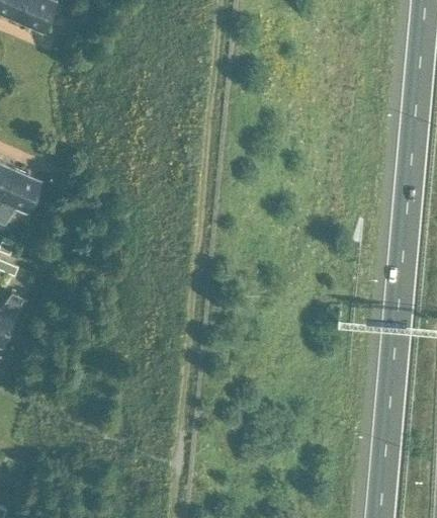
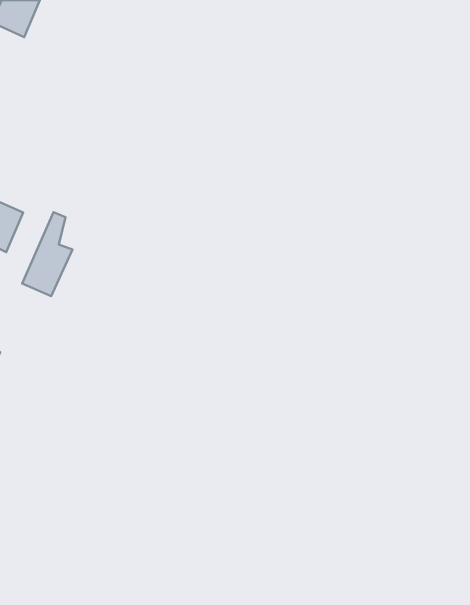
building: none -> [22,212,72,296]

